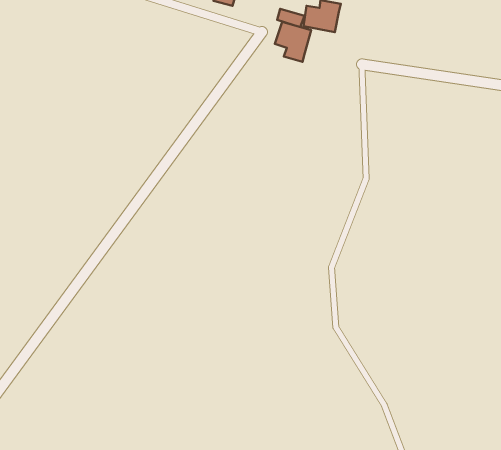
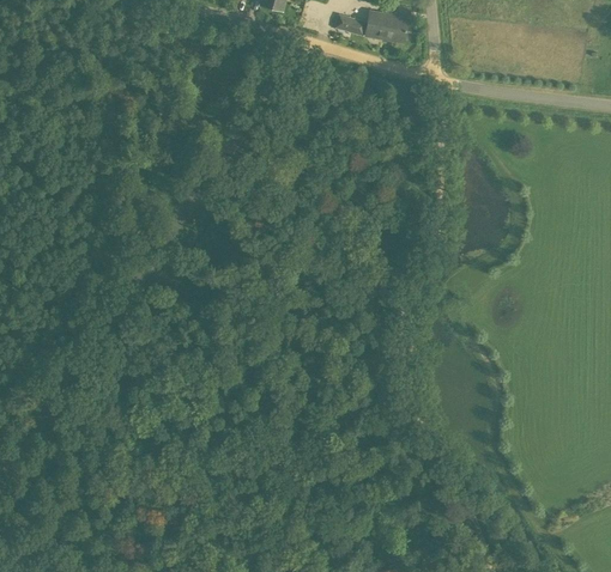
building: [275,22,311,62] -> none

